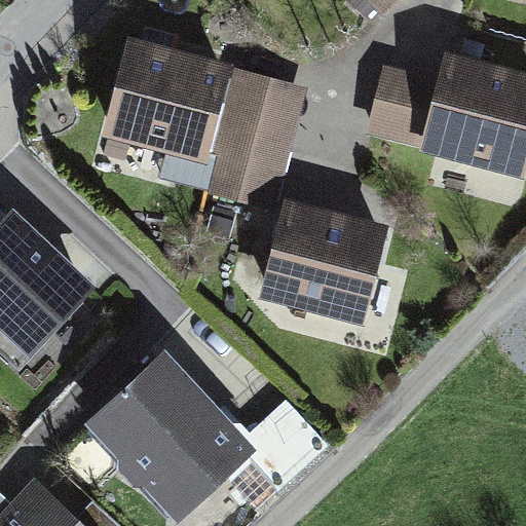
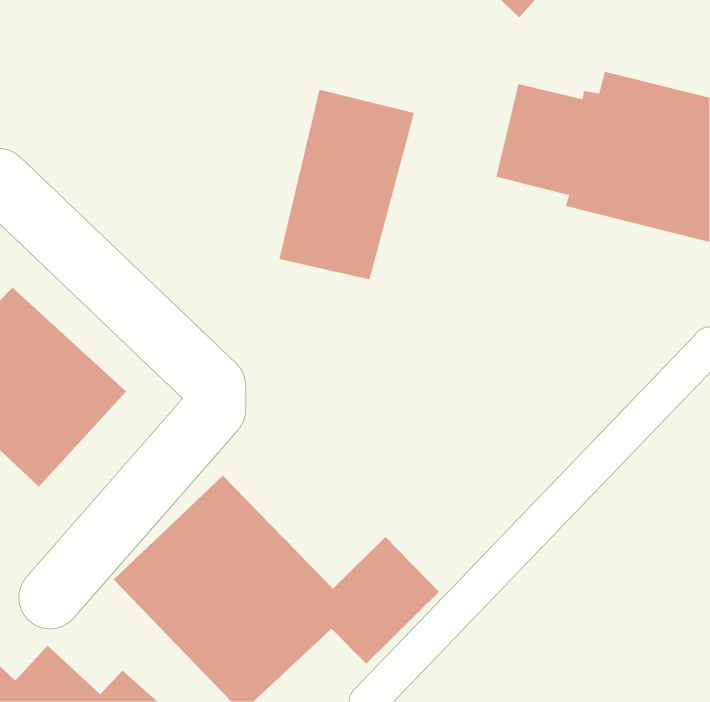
building: [100,40,232,166] -> none
building: [261,200,391,326] -> none

